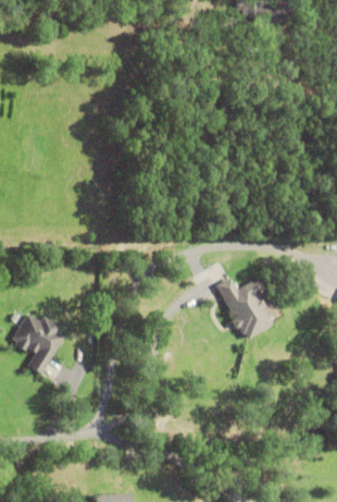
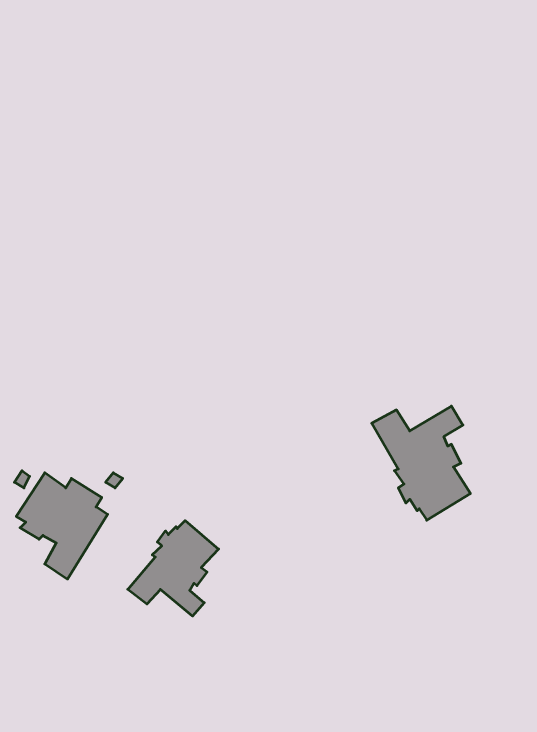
building: none -> [128,521,219,616]

